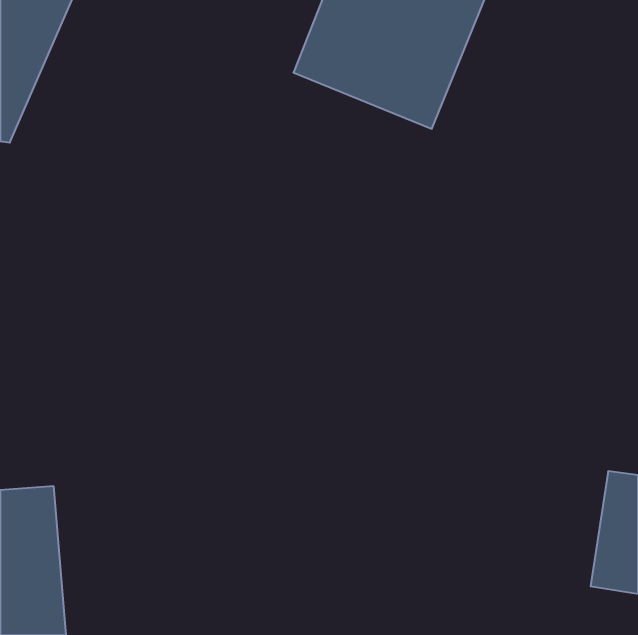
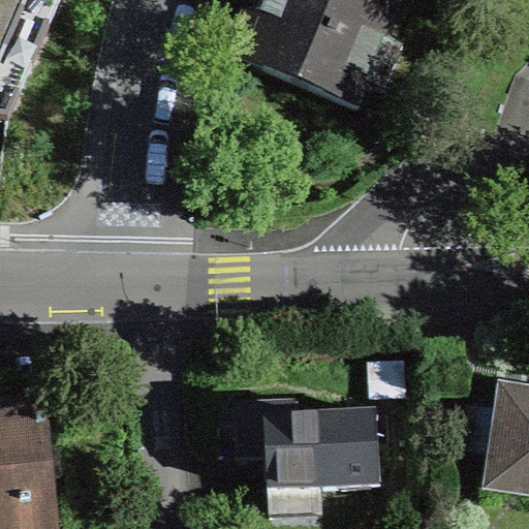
building: none -> [235,400,380,490]

